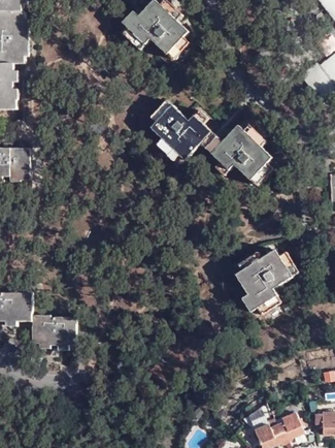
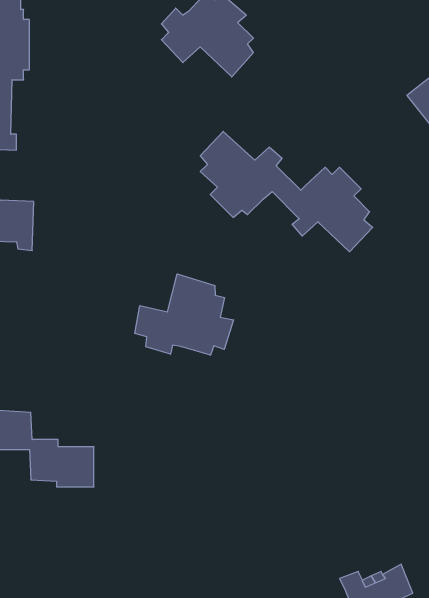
building: none -> [135,274,233,355]
building: [236,249,298,314] -> none

